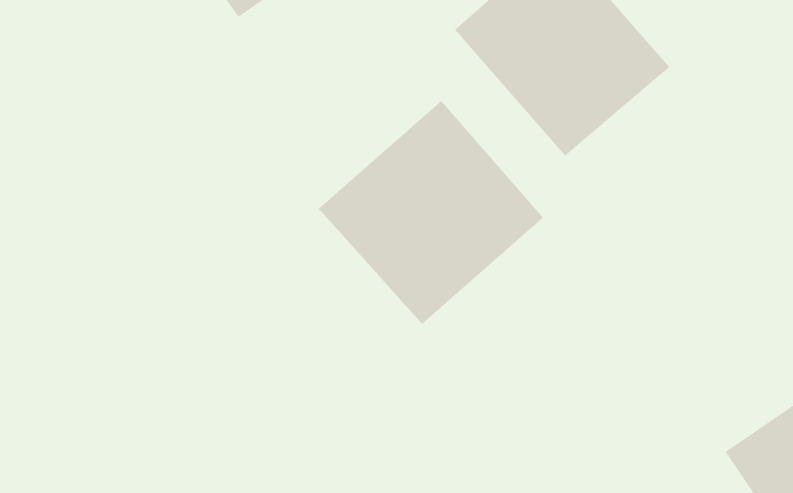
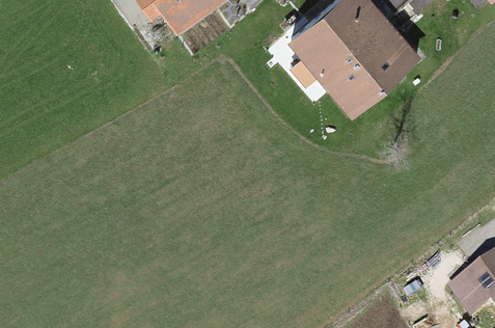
building: [318,100,544,325] -> none

